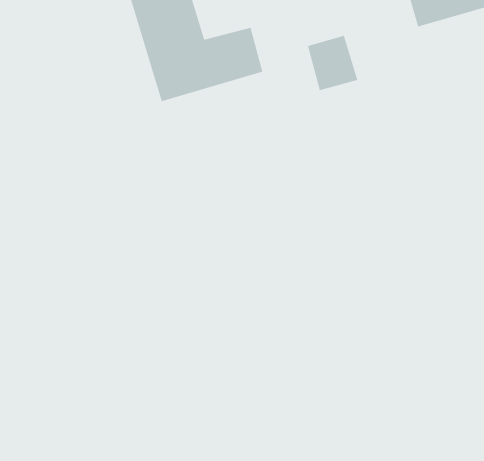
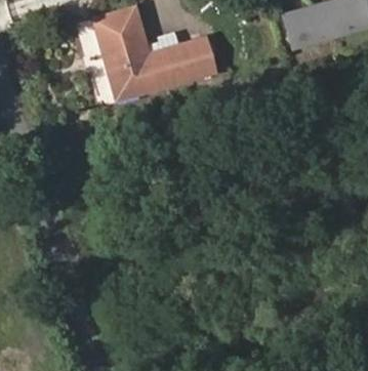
building: [307,35,358,91] -> [179,41,214,79]

